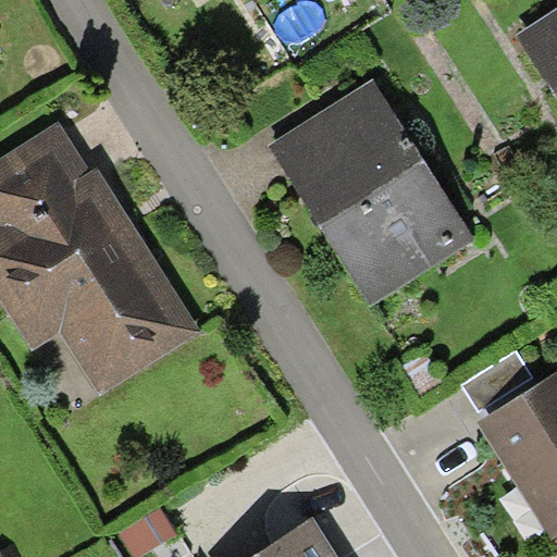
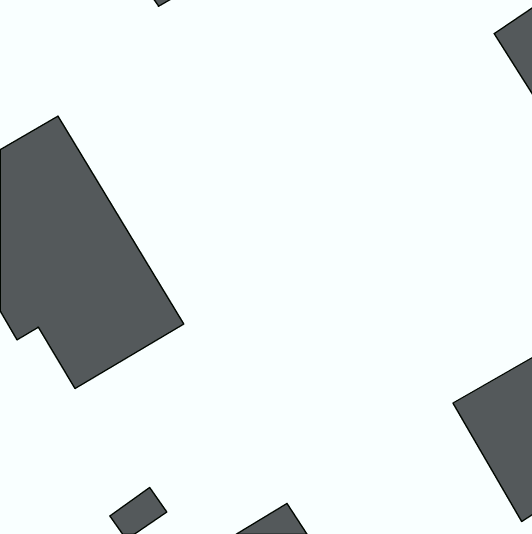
building: [270,81,469,297] -> none

